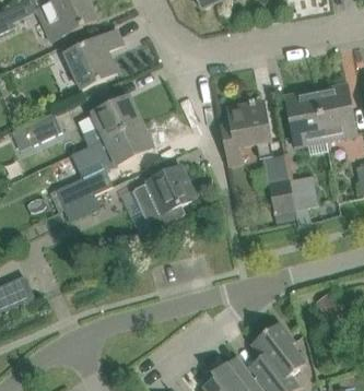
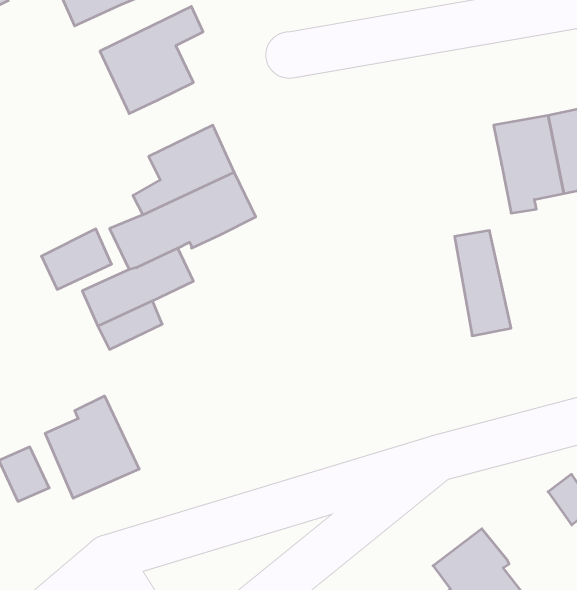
building: [220,100,272,165] -> none
building: [22,111,61,145] -> [41,229,112,289]
building: [133,166,195,229] -> none
building: [290,176,318,226] -> none
building: none -> [45,396,139,498]

